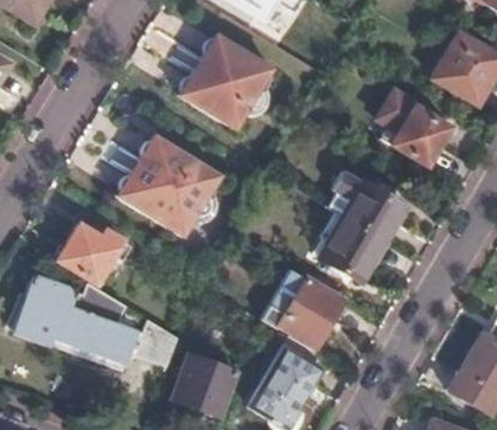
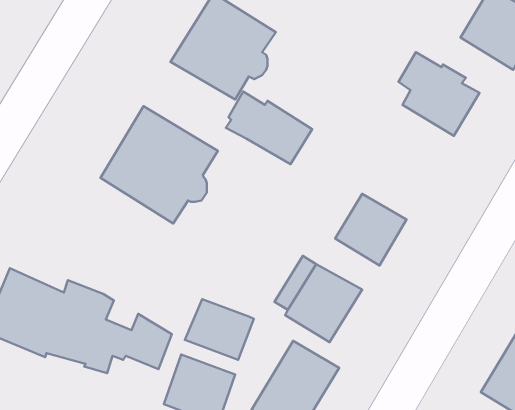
building: [329,172,404,236] -> [226,91,312,164]
building: [57,223,123,283] -> none
building: none -> [185,299,254,360]

